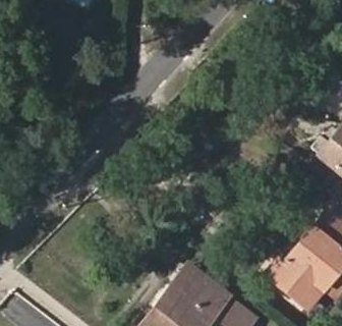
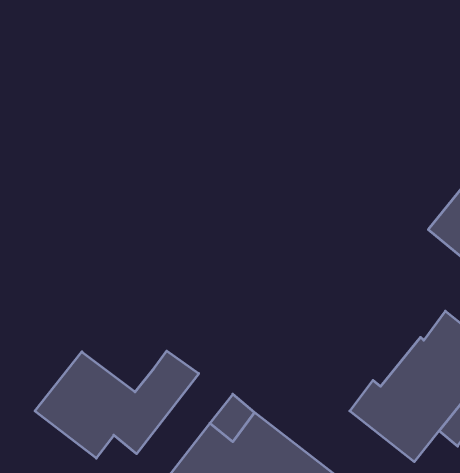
building: none -> [35,351,199,458]

